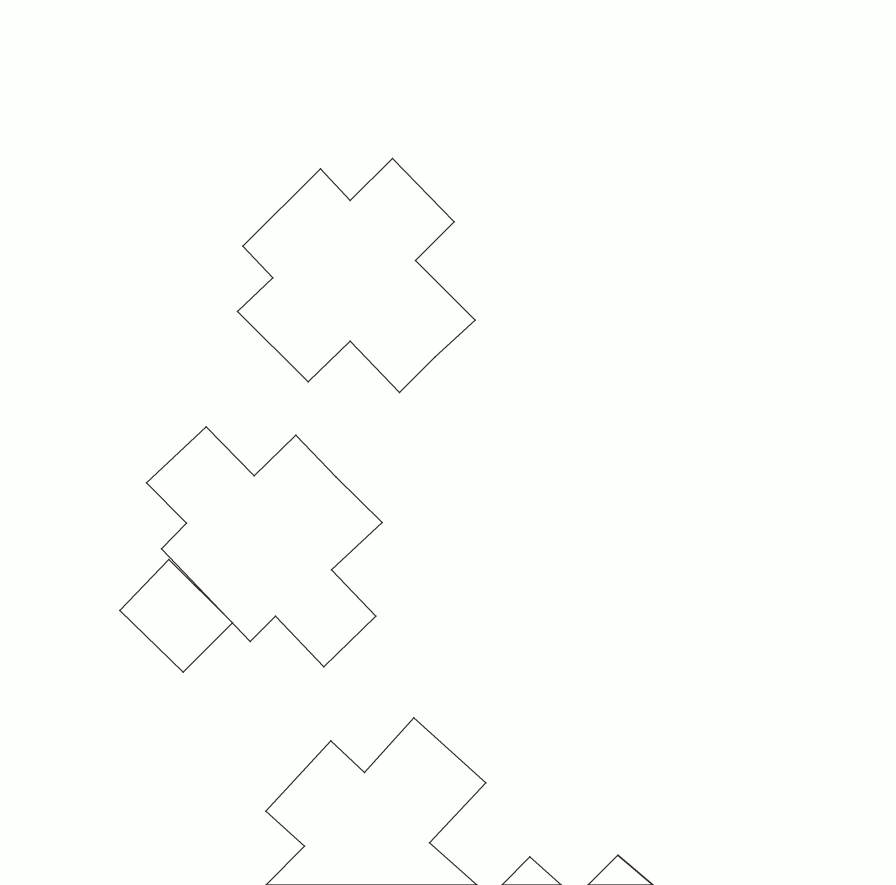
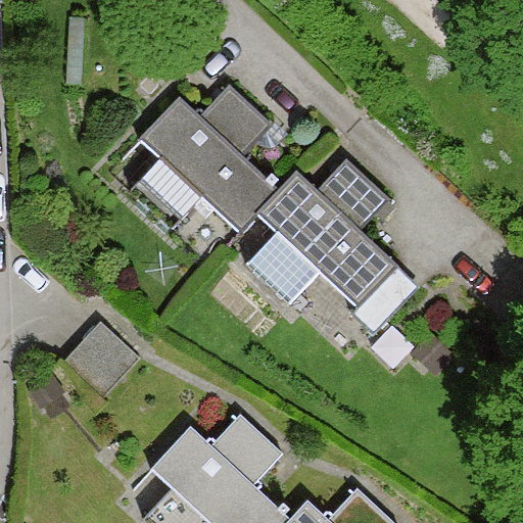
building: none -> [248,162,406,315]
building: [146,427,382,667] -> none

